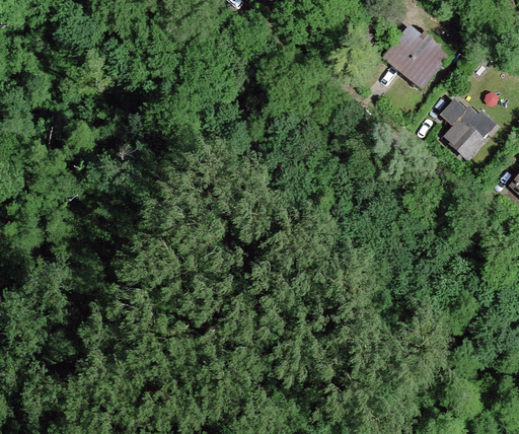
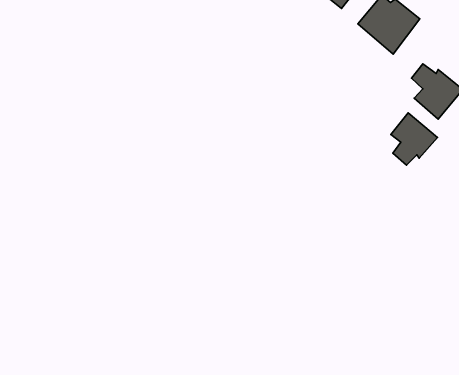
building: none -> [391,113,438,165]

